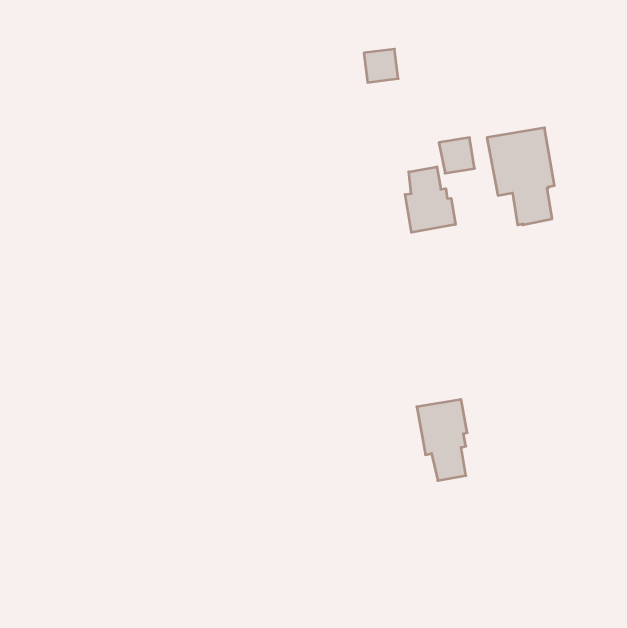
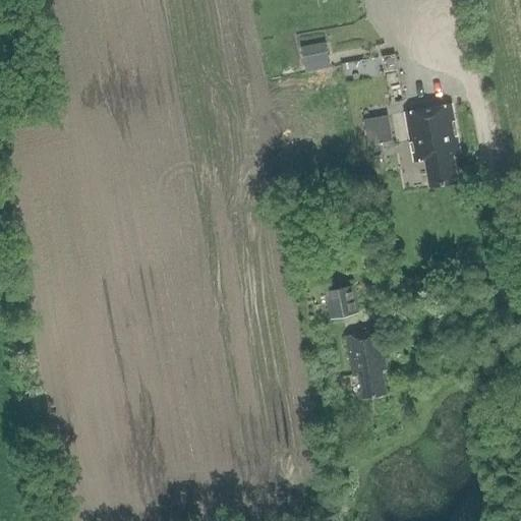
building: [405,167,455,232] -> none
building: none -> [324,286,358,320]

